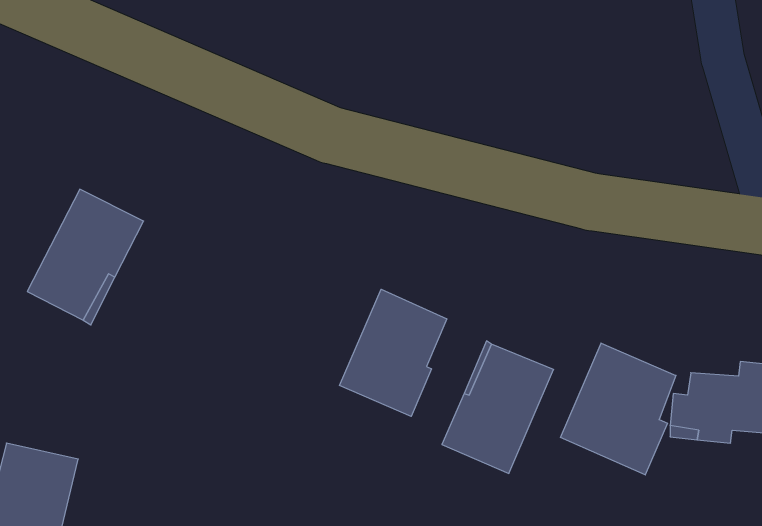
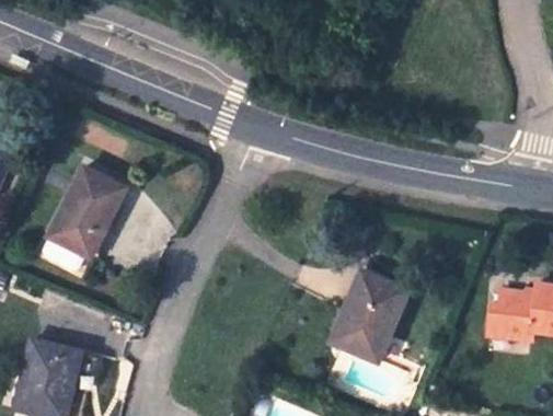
building: [340,289,447,416] -> none
building: [561,343,676,475] -> none

